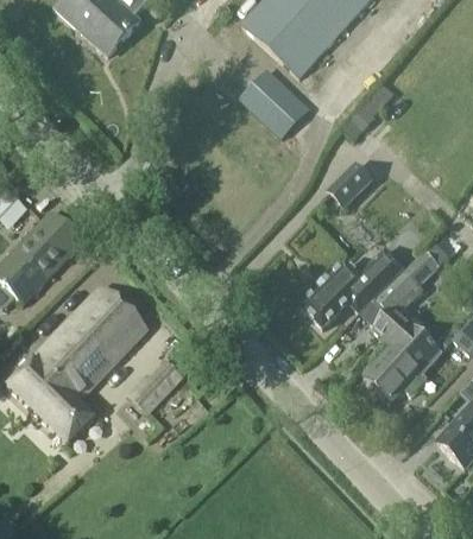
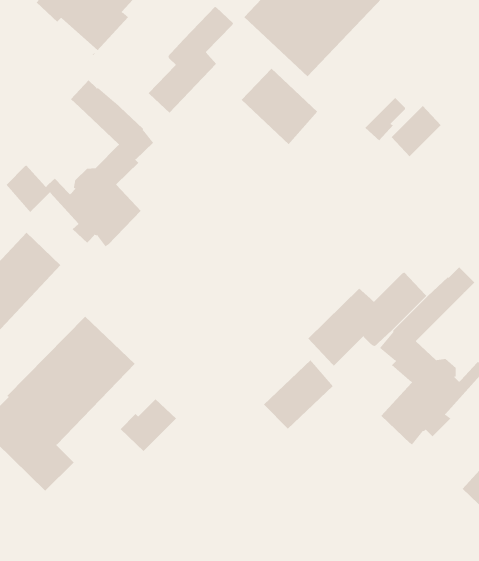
building: none -> [148,6,234,113]
building: none -> [6,80,154,247]
building: [327,160,372,207] -> [391,105,441,157]
building: none -> [263,359,334,430]

